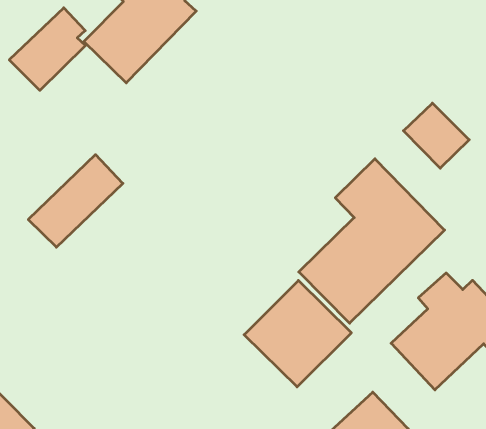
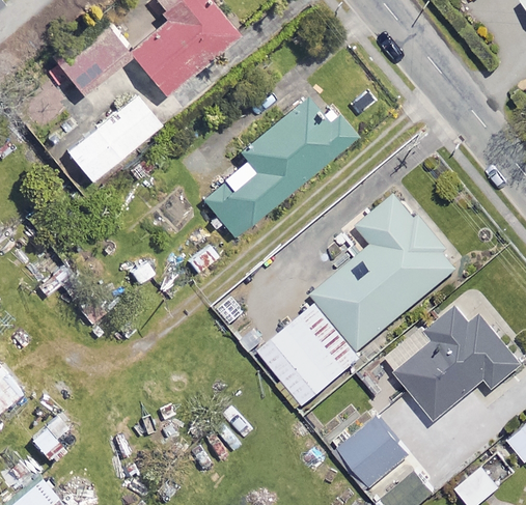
building: none -> [201,102,353,236]
building: [403,103,469,168] -> none
building: [28,155,123,247] -> [65,95,160,181]

